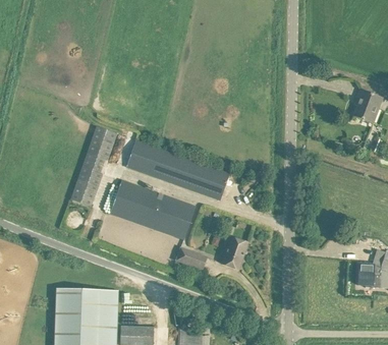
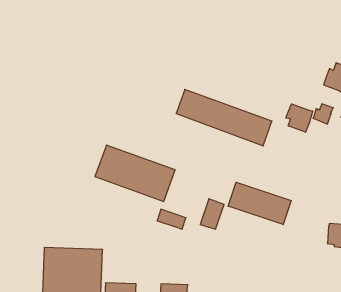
building: [70,126,116,206] -> none
building: none -> [286,104,313,132]
building: [127,139,229,199] -> [176,89,272,146]
building: none -> [228,182,291,225]

